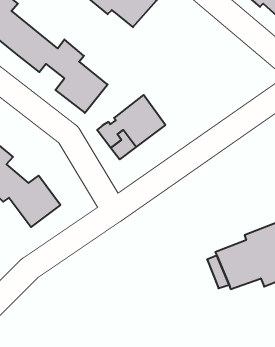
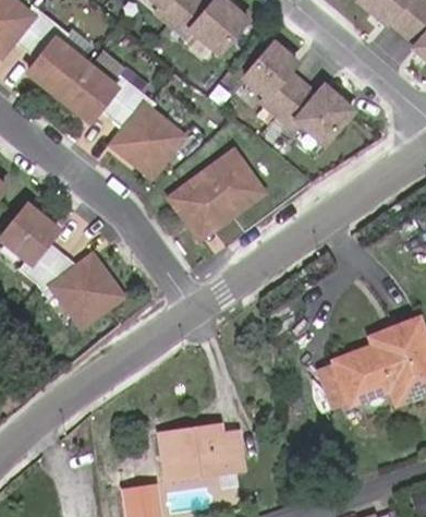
building: none -> [239,39,356,148]
building: none -> [162,421,244,476]

